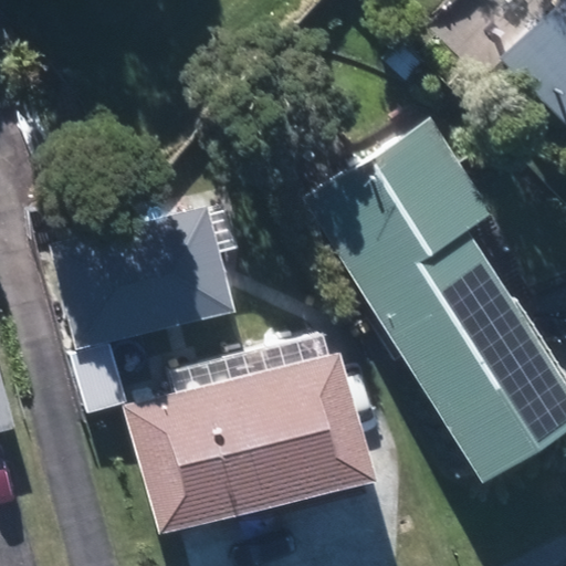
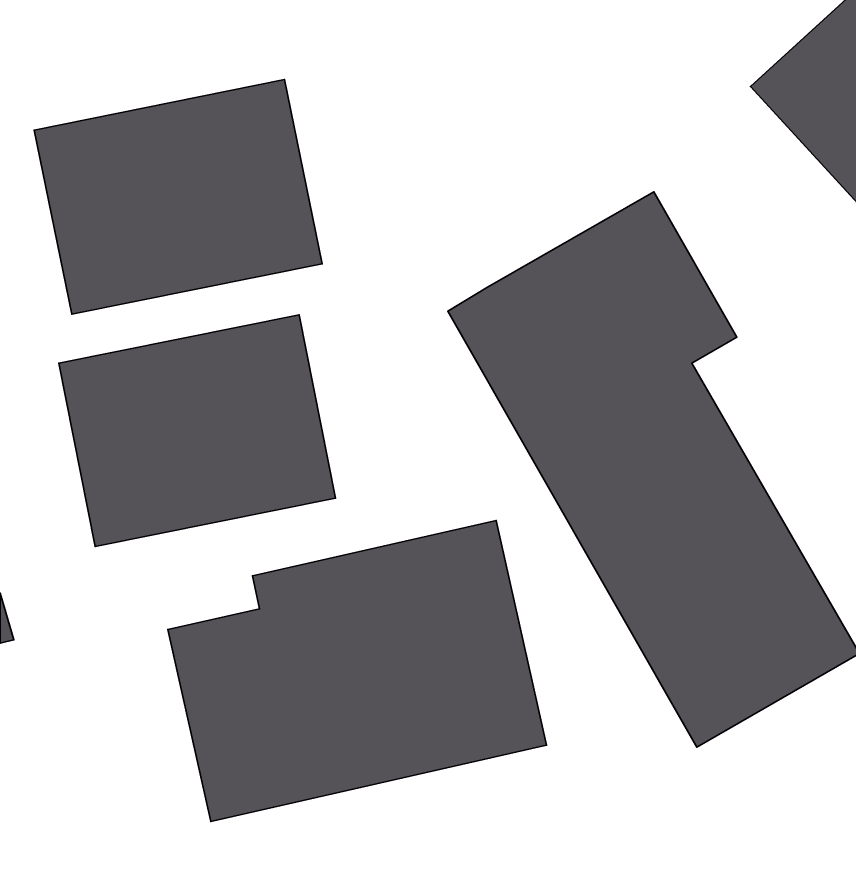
building: none -> [34,80,322,314]

